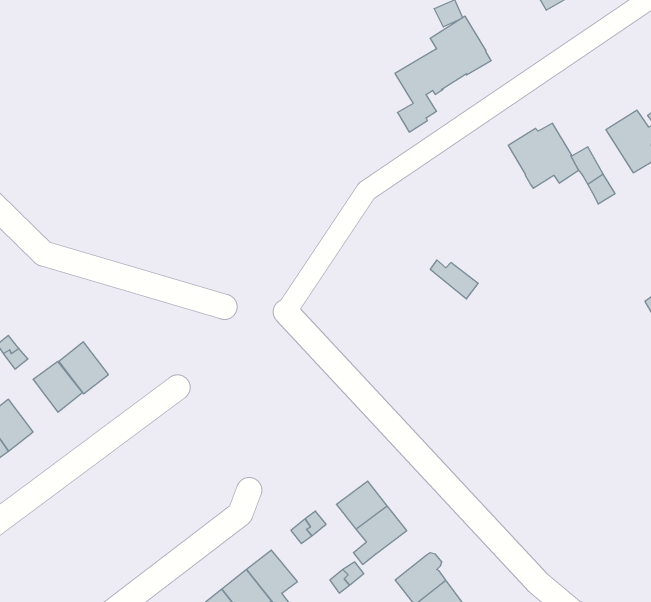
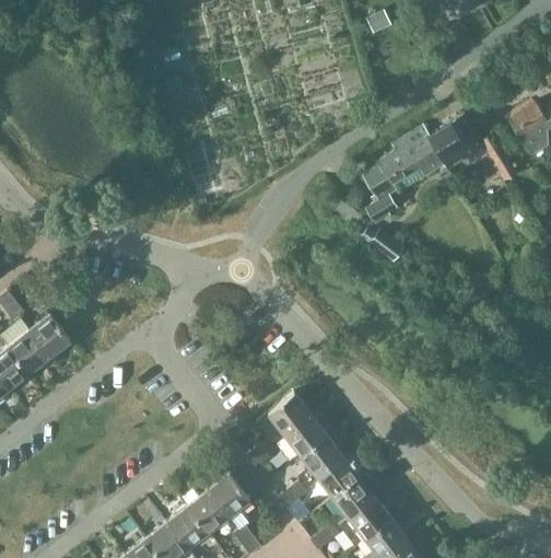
building: [395,16,491,132] -> [365,129,446,226]
building: [59,342,108,394] -> [8,330,49,374]
building: none -> [257,394,309,443]
building: none -> [316,457,359,499]

